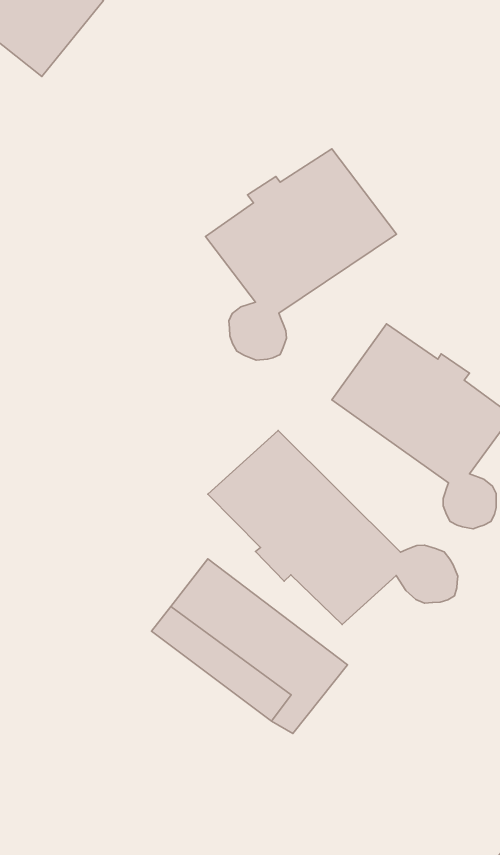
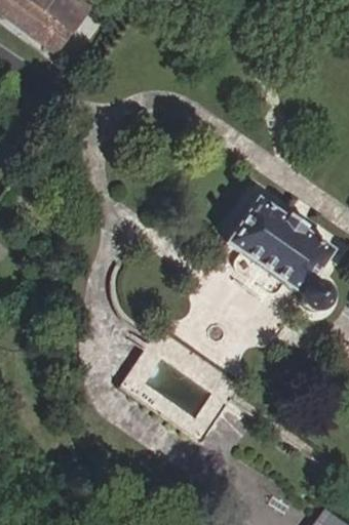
building: [206,149,397,360] -> none
building: [208,431,458,625] -> none

